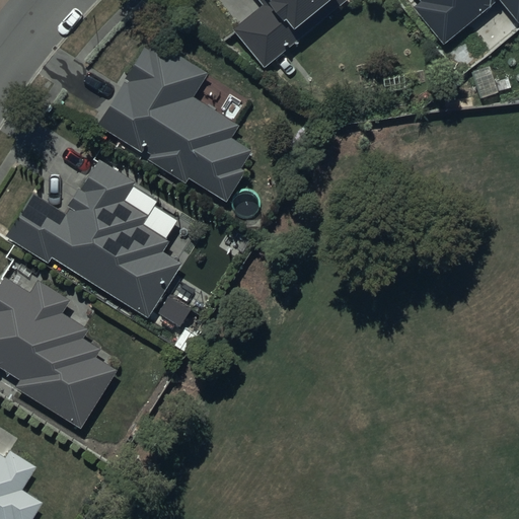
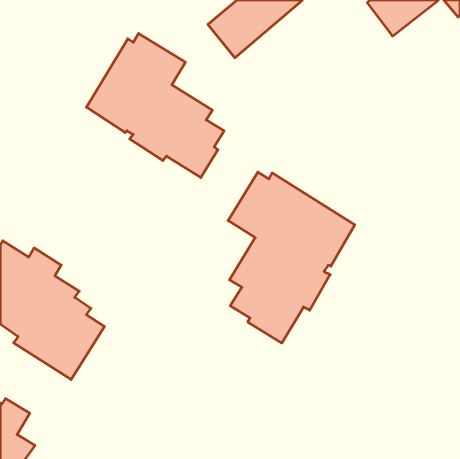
building: [5,159,181,317] -> none
building: none -> [228,172,355,343]

